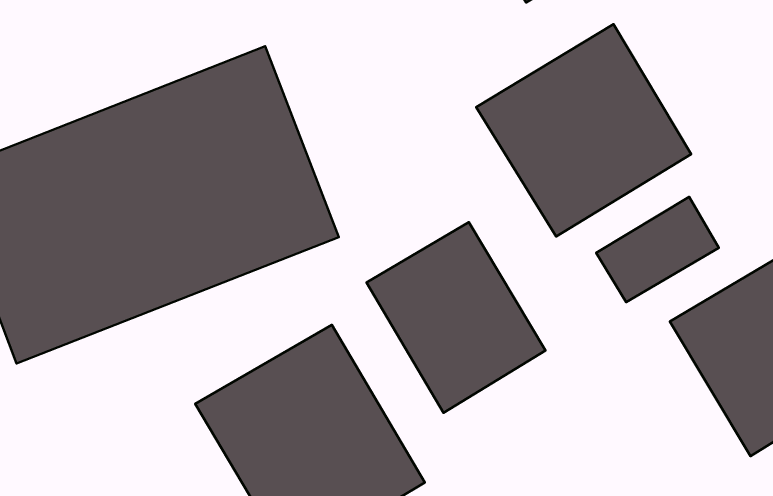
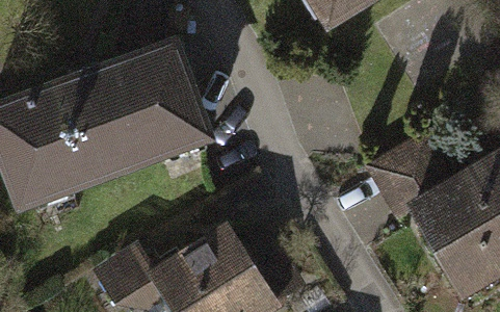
building: [476,24,691,236] -> none
building: [366,222,545,413] -> none

